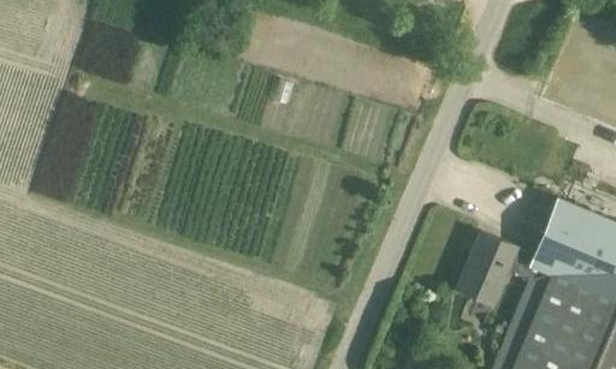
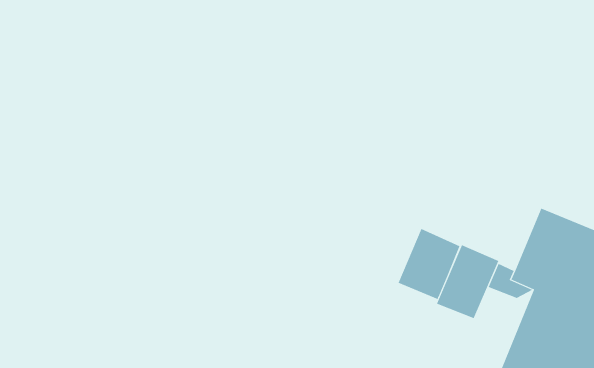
building: none -> [398,228,460,300]

